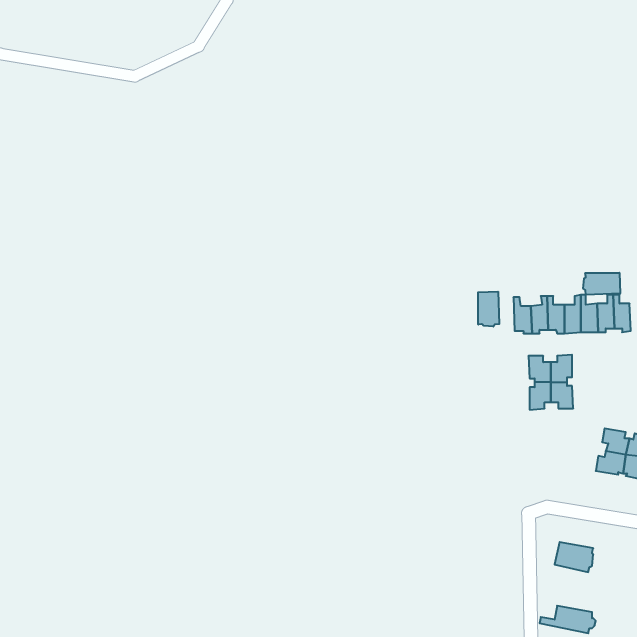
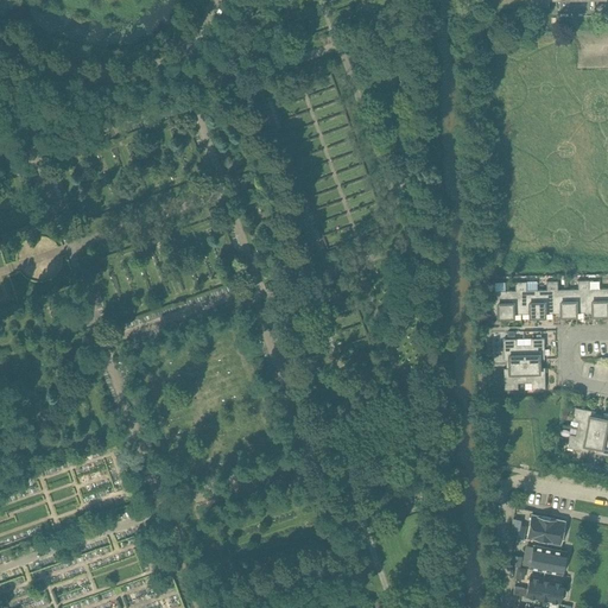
building: [583,273,620,295] -> none
building: [478,292,499,327] -> none
building: none -> [531,547,566,575]

